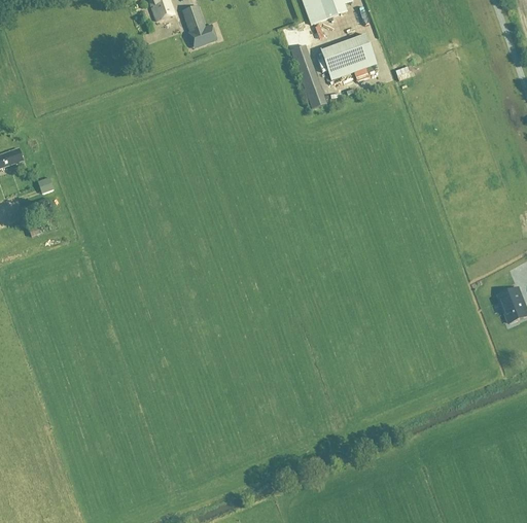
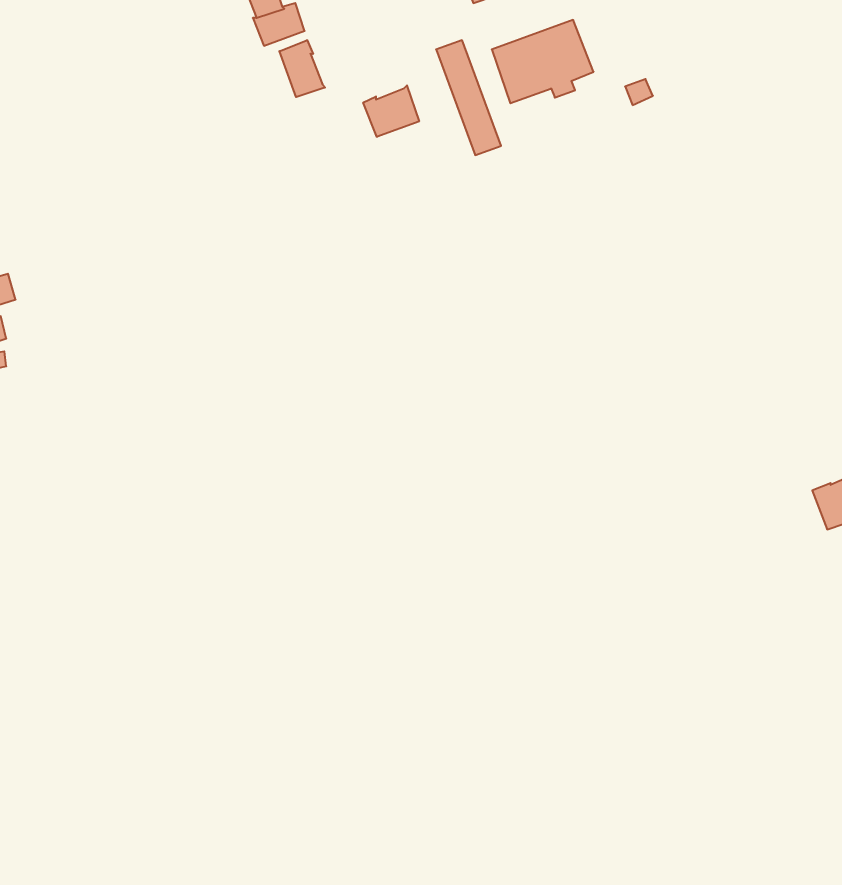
building: none -> [279,40,325,97]
building: none -> [363,85,419,137]

